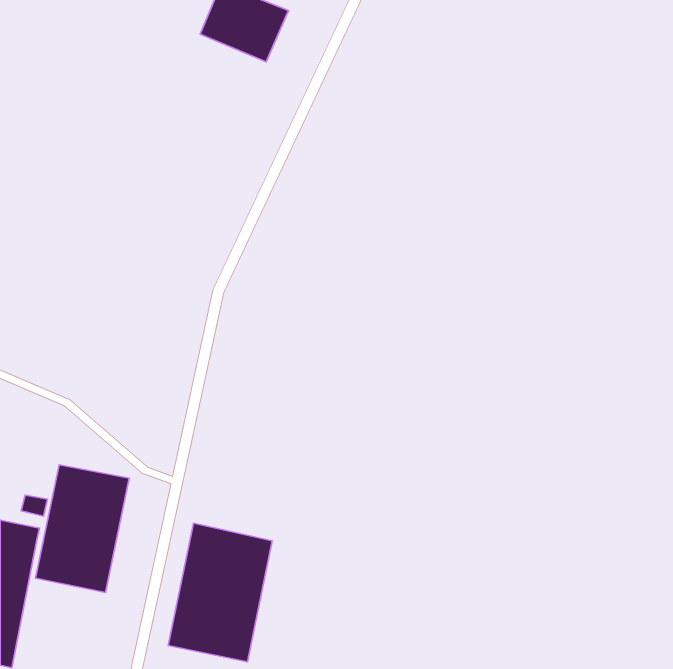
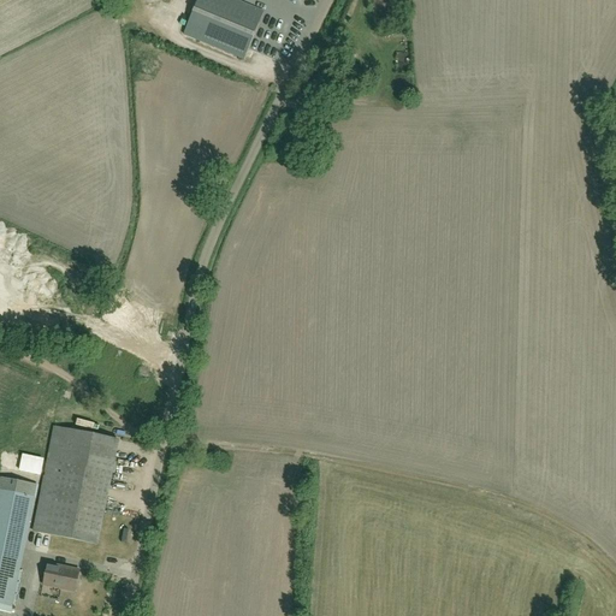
building: [168,523,272,662] -> none
building: none -> [43,562,79,588]

